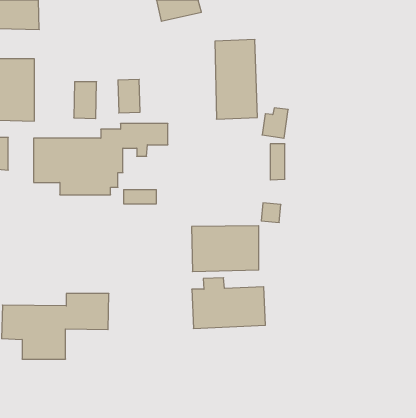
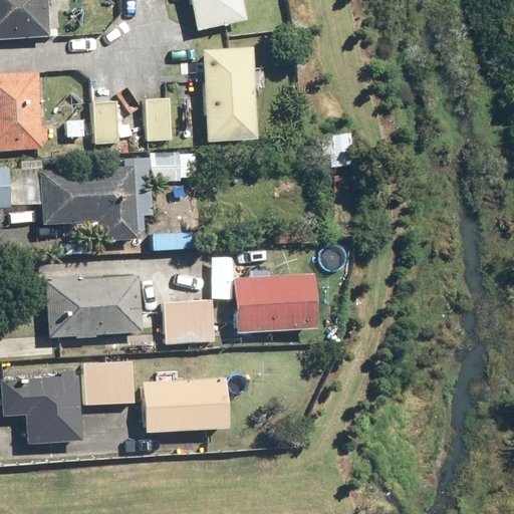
building: [215,40,257,119] -> [206,45,258,143]
building: none -> [46,274,141,334]
building: none -> [162,301,214,341]
building: [192,278,265,328] -> [141,368,231,431]

